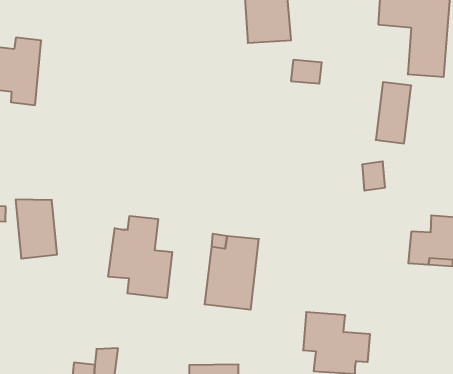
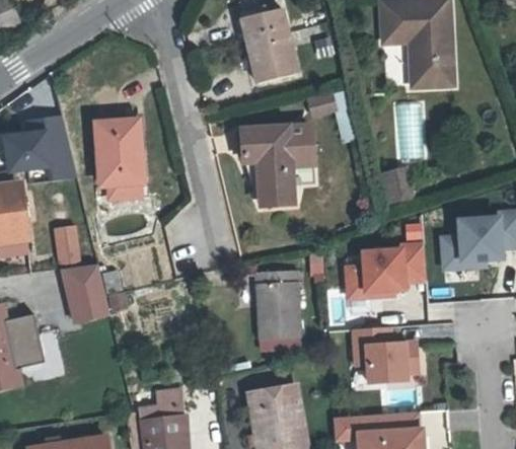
building: none -> [97,124,145,188]
building: none -> [241,123,313,203]
building: none -> [52,224,78,264]
building: [108,216,172,298] -> none
building: none -> [346,245,426,299]

